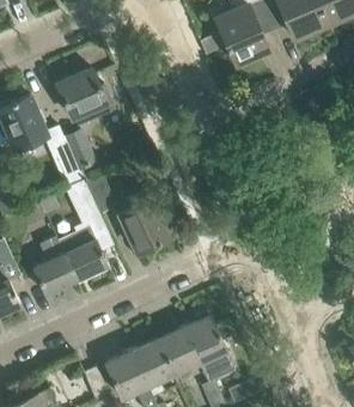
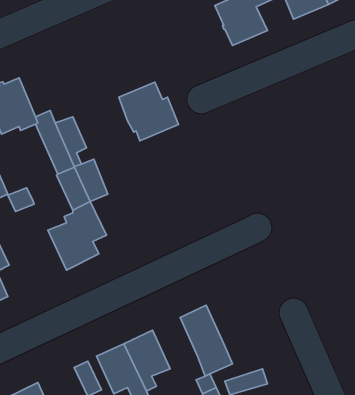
building: [56,69,114,126] -> [119,82,179,141]
building: [117,199,169,253] -> none
building: [32,236,75,294] -> none
building: [158,326,201,375] -> none

